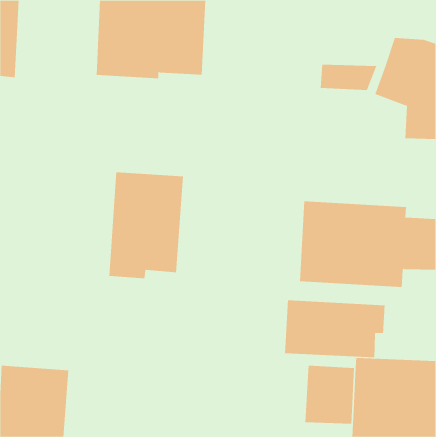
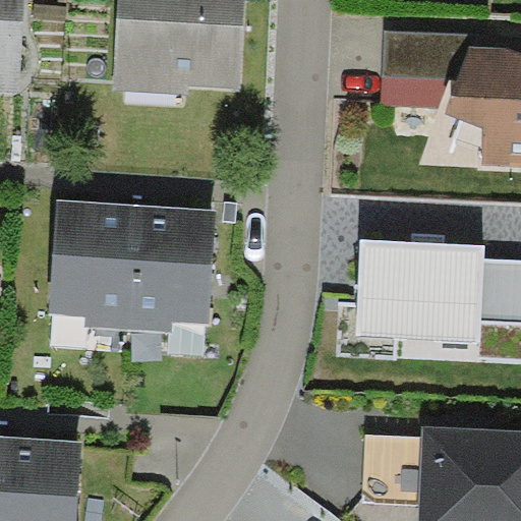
building: none -> [383,31,469,78]
building: none -> [51,199,137,329]
building: [284,299,385,358] -> none

